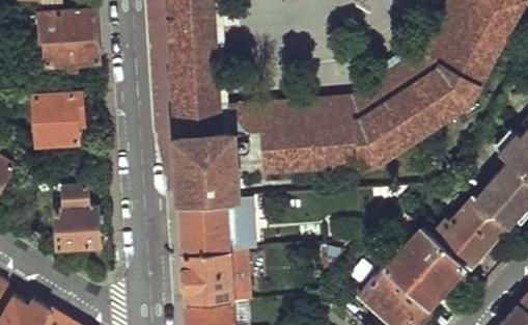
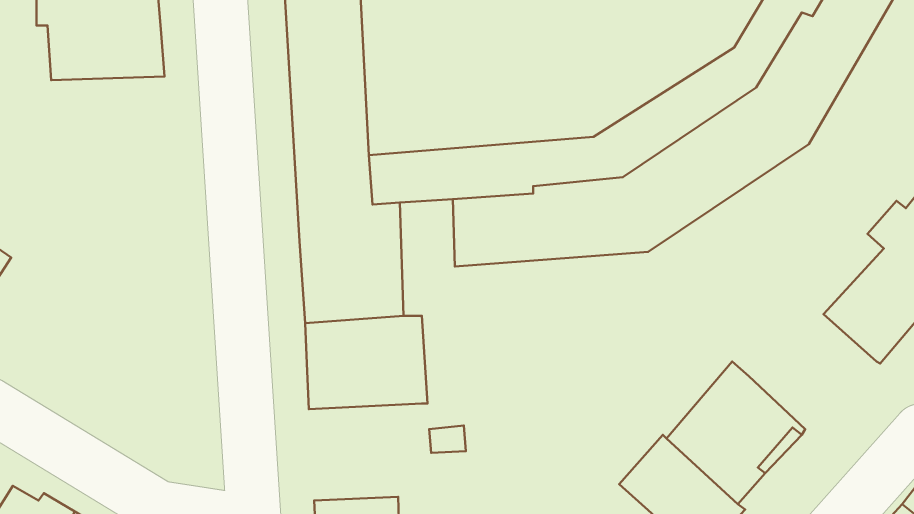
building: [32,94,84,145] -> none
building: [56,188,98,250] -> none
building: [433,197,505,268] -> none
building: [183,249,248,304] -> none

